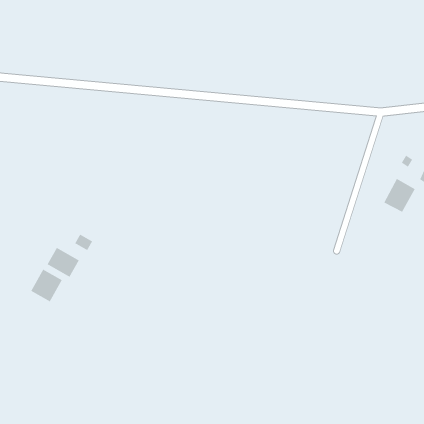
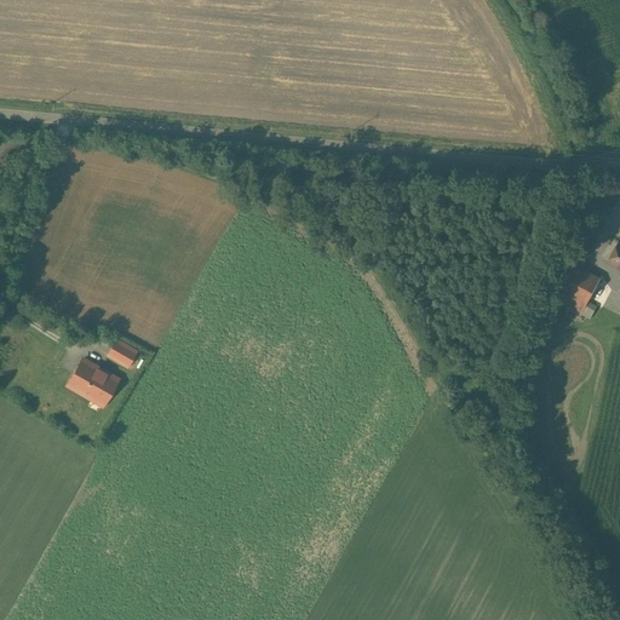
building: [30,269,63,303] -> none

